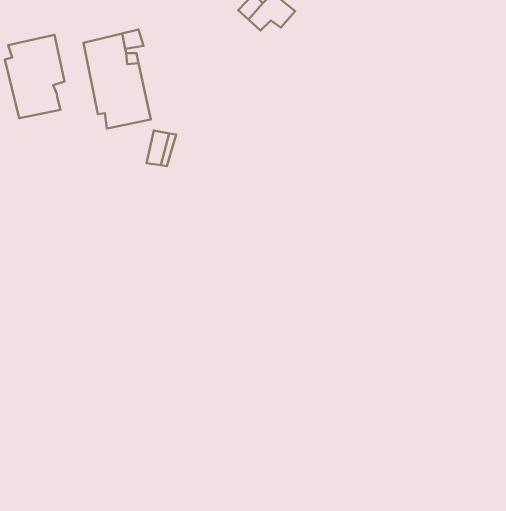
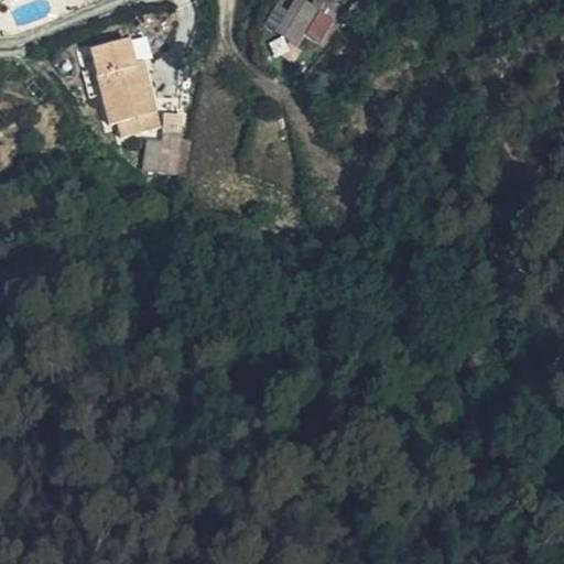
building: [5,35,65,118] -> none

